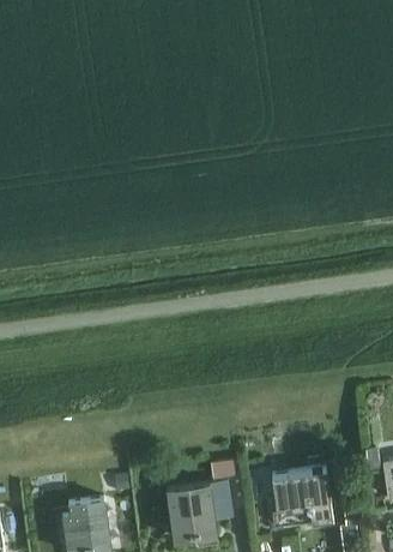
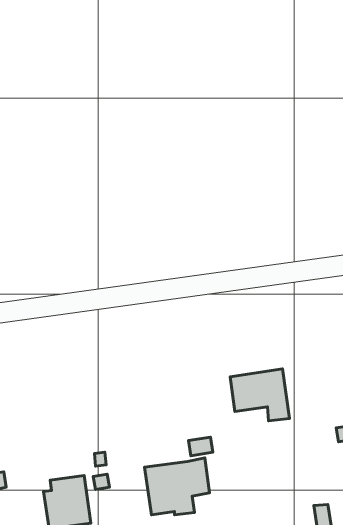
building: [271,468,332,522] -> [230,369,290,421]

